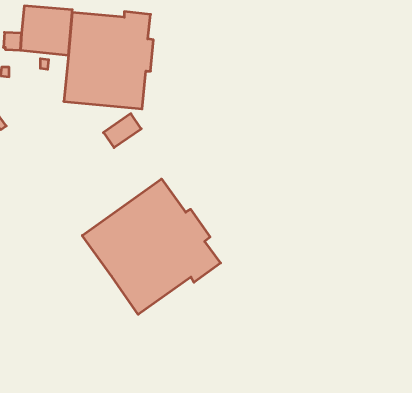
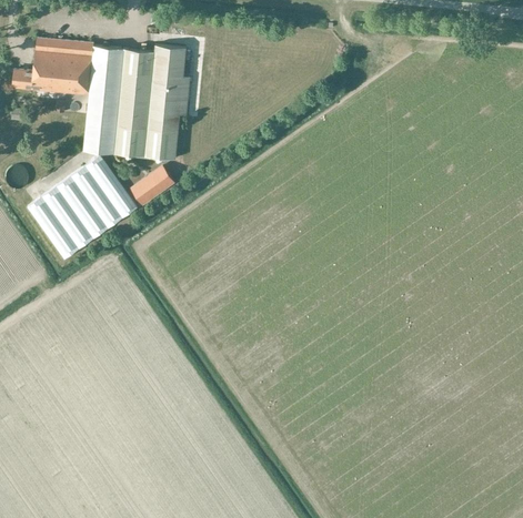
building: none -> [27,155,137,258]
building: [82,179,221,314] -> none

